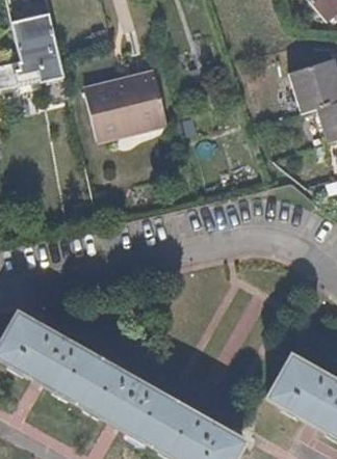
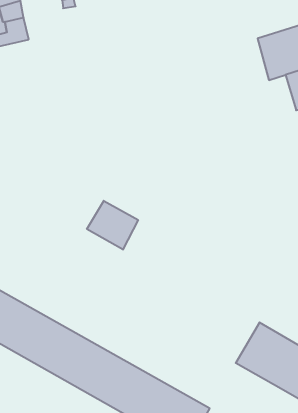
building: [84,73,165,139] -> none
building: none -> [87,201,138,250]

